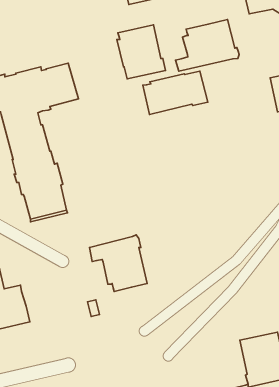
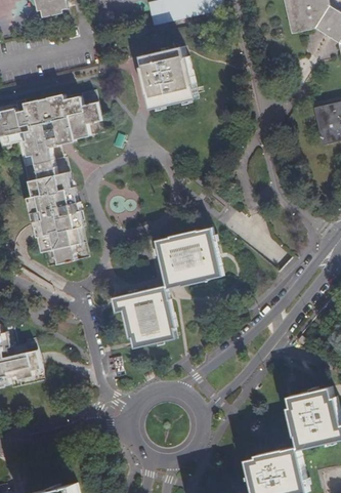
building: [176,20,239,71] -> none
building: [143,71,208,114] -> none
building: none -> [154,223,221,286]

